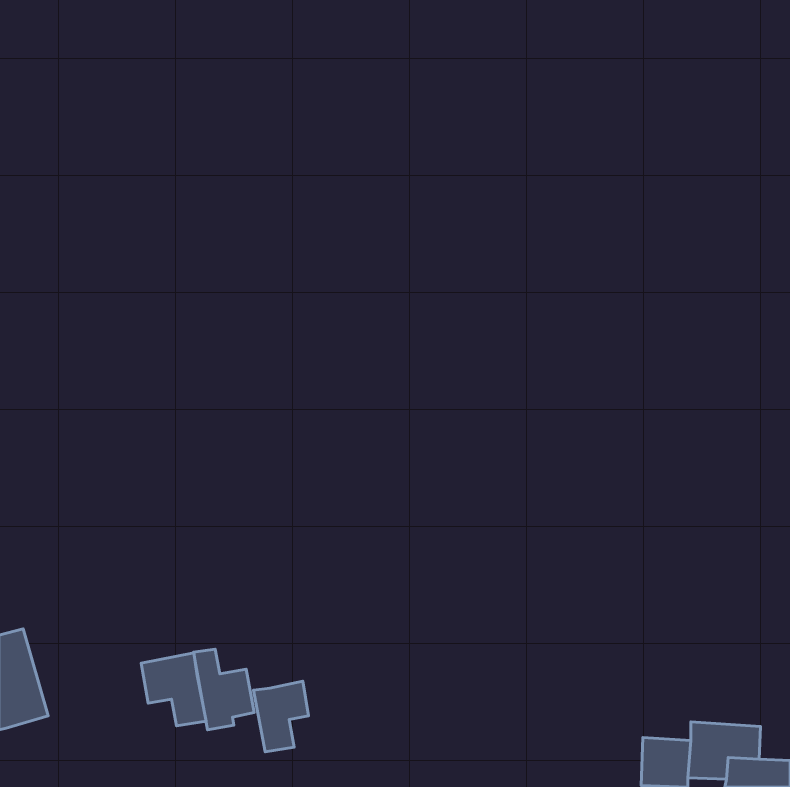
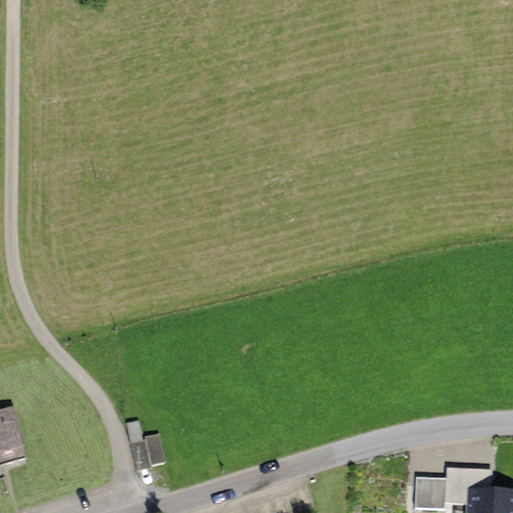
building: [141,653,206,726] -> none
building: [253,681,308,752] -> none

